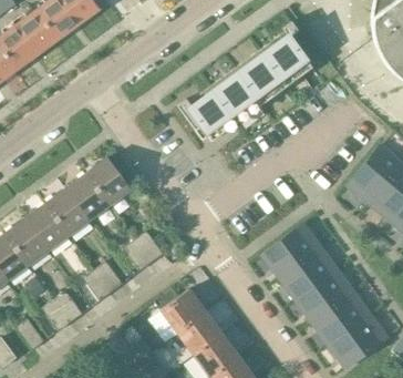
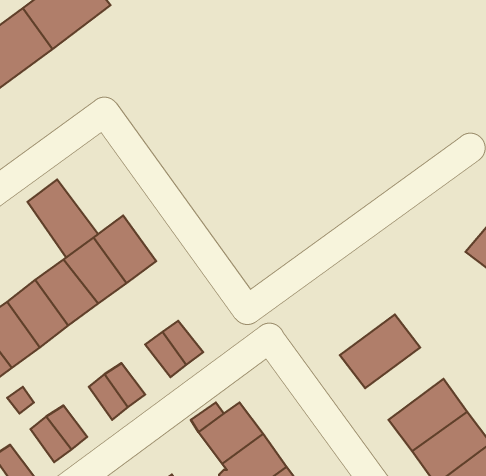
building: [177,23,312,142] -> none
building: none -> [27,179,98,258]
building: [278,251,333,302] -> none

